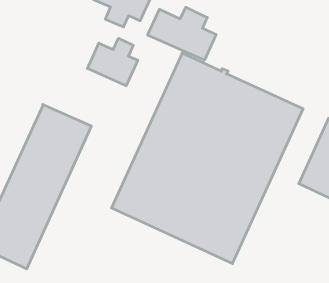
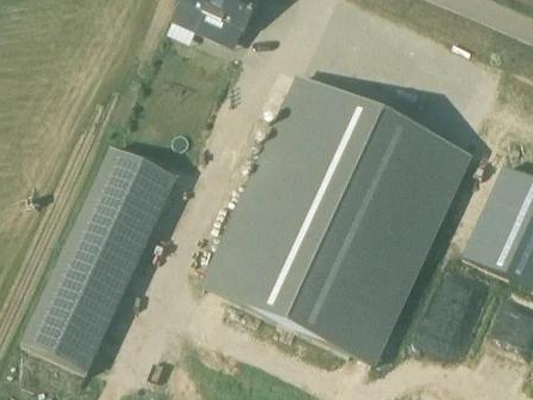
building: [148,7,216,60] -> none
building: [87,38,138,86] -> none

